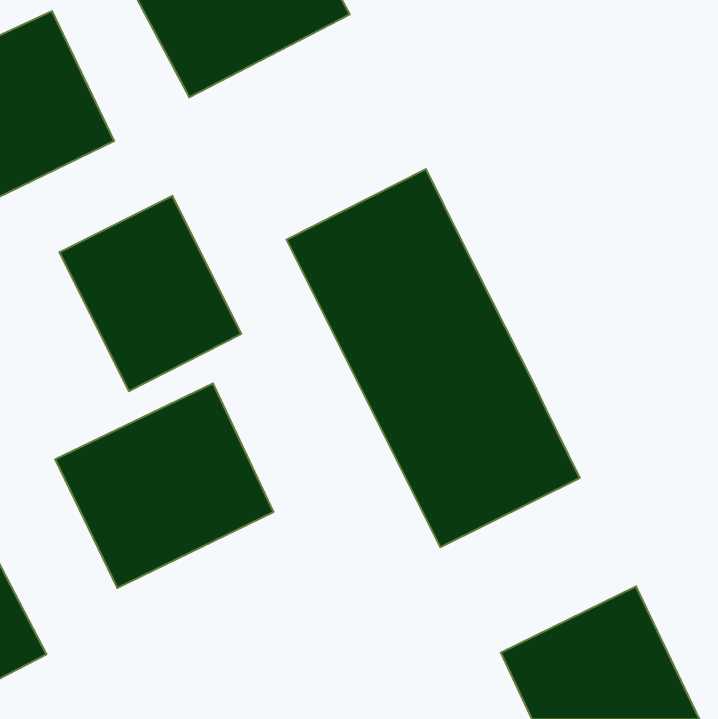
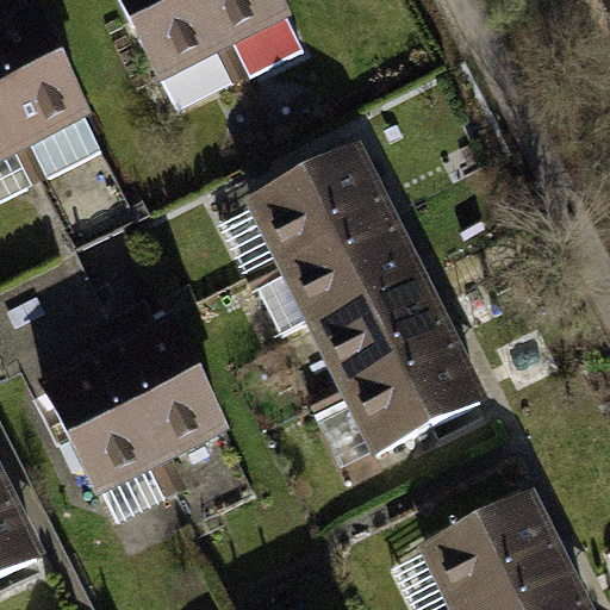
building: [59,196,241,391] -> none

